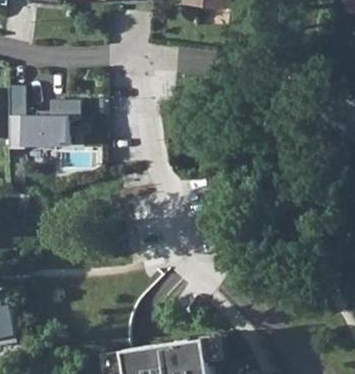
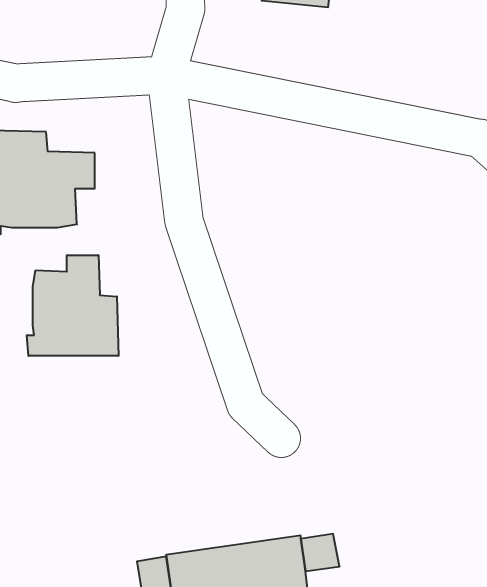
building: none -> [27,255,118,356]

